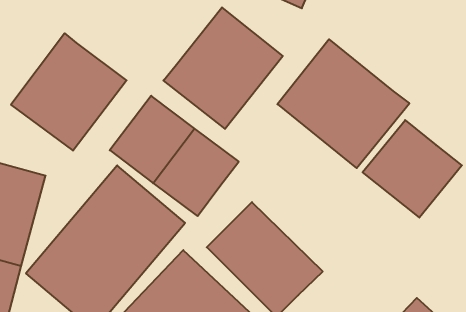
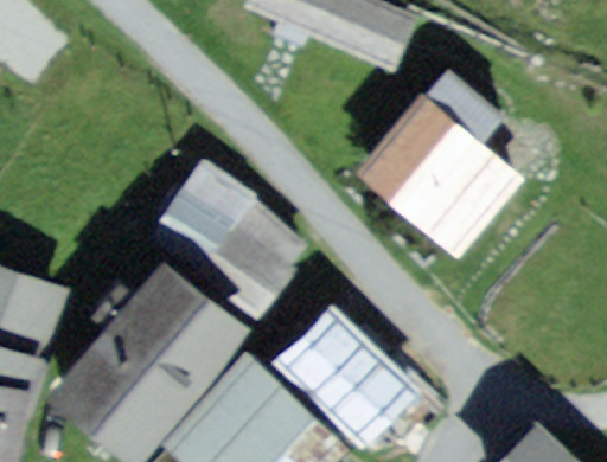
building: [163,7,283,129] -> none
building: [11,33,127,151] -> none
building: [363,120,462,218] -> none

